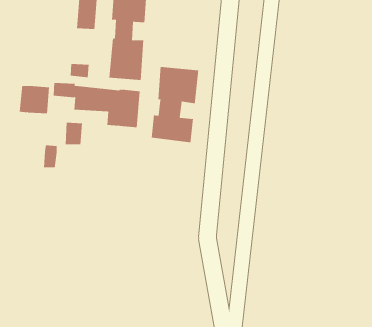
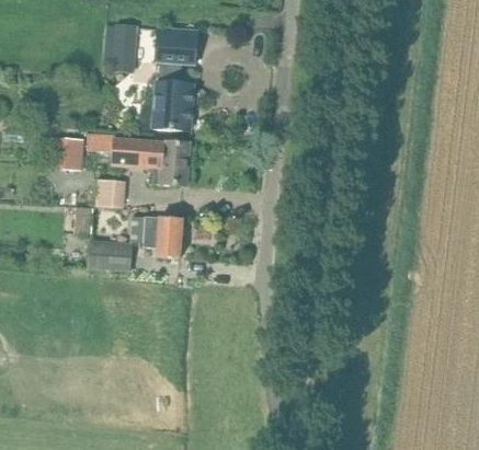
building: [151,66,199,143] -> none
building: none -> [142,216,182,257]
building: none -> [88,240,132,269]

